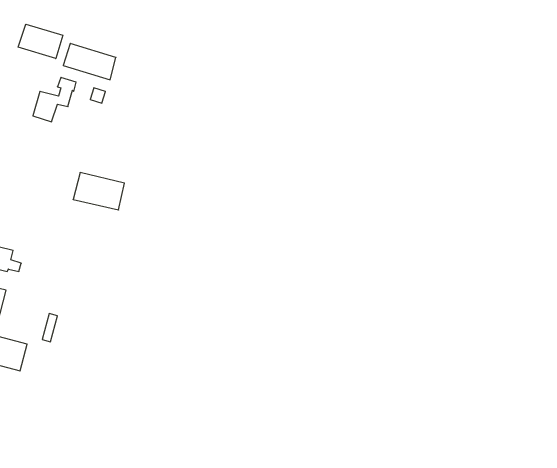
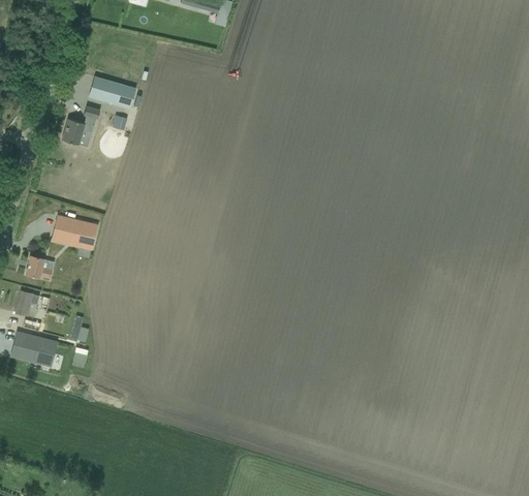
building: [18,24,63,59] -> none
building: [73,173,124,210] -> [52,216,97,249]

